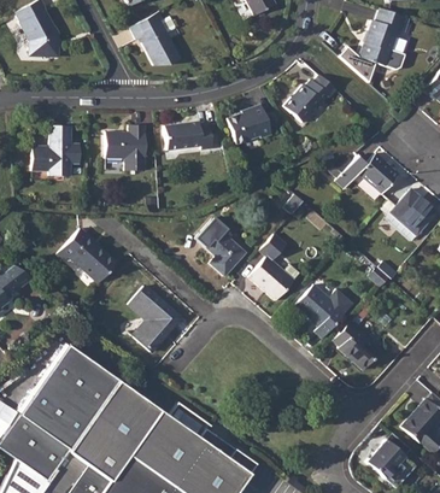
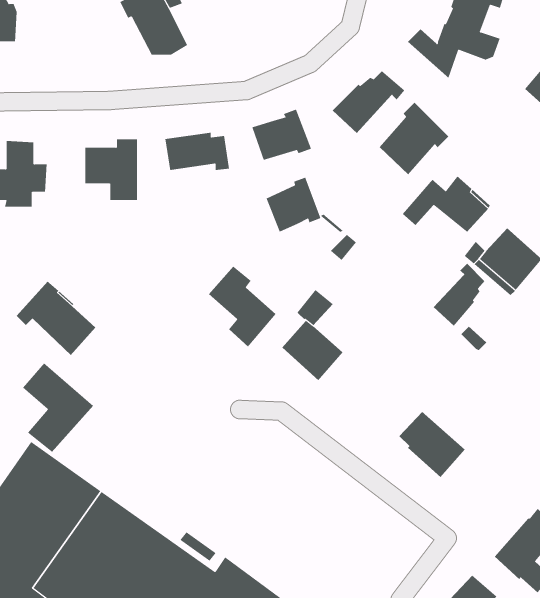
building: none -> [379,102,449,175]
building: none -> [266,177,321,233]
building: none -> [433,263,485,326]
building: [129,286,181,351] -> [22,362,94,453]
building: [297,286,346,339] -> none

